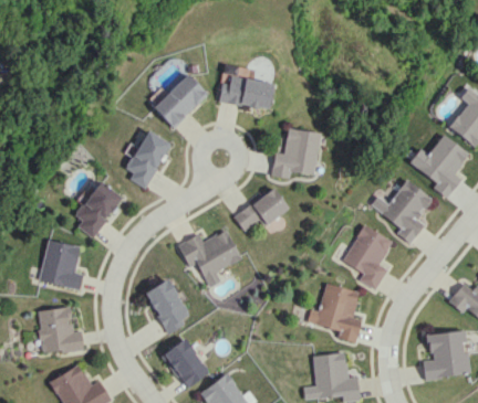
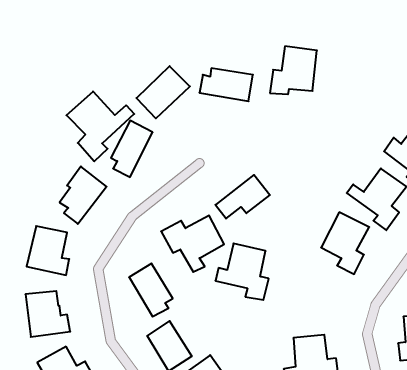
building: none -> [66,91,134,161]
building: [271,128,320,178] -> [270,46,317,94]
building: [308,284,363,342] -> [215,243,269,300]

